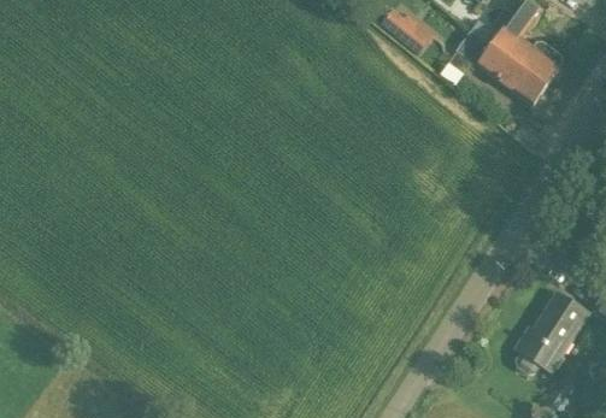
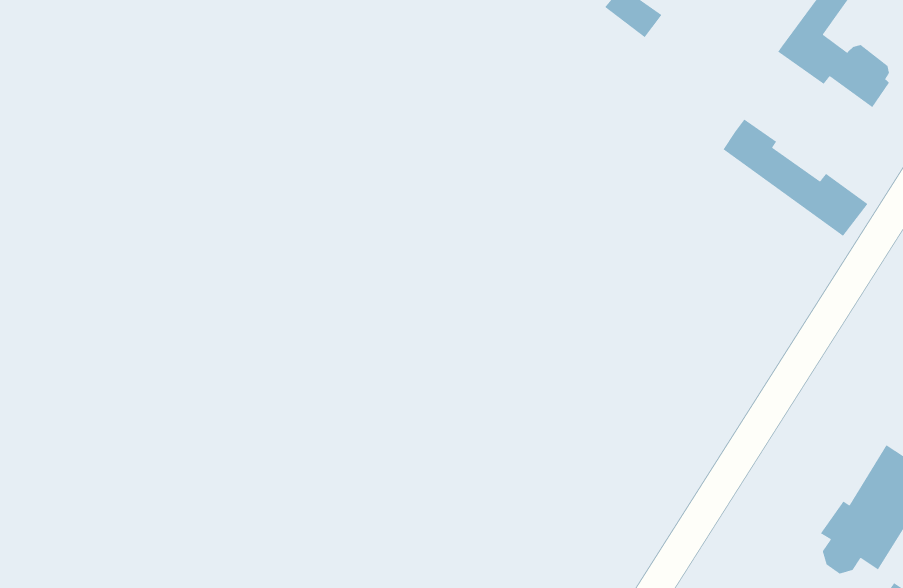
building: [458,31,548,105] -> [723,118,868,237]

